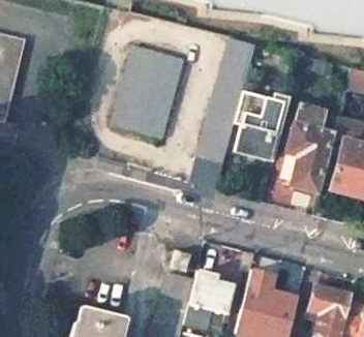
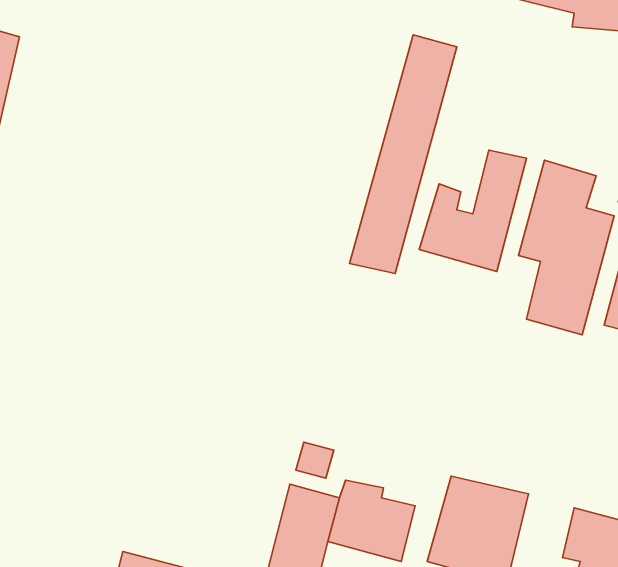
building: [113,47,182,139] -> none

